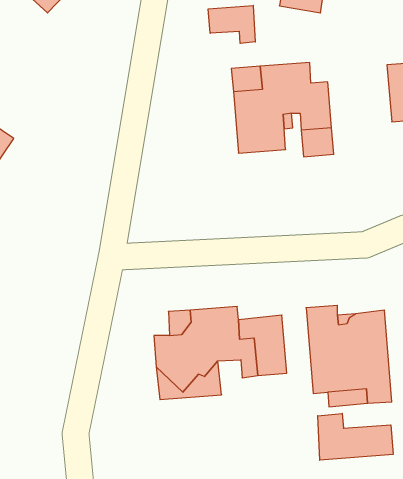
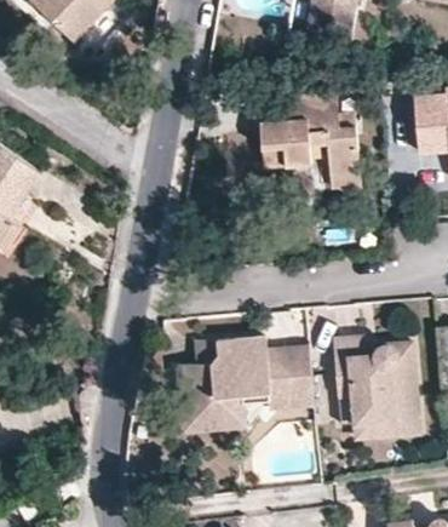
building: [208,5,255,43] -> none
building: [318,413,393,460] -> none

